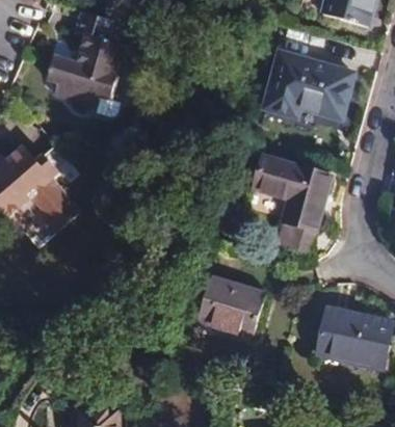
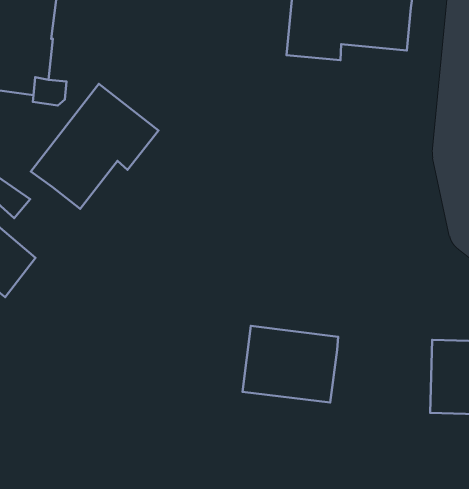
building: none -> [31,84,158,209]
building: [253,156,331,252] -> none

